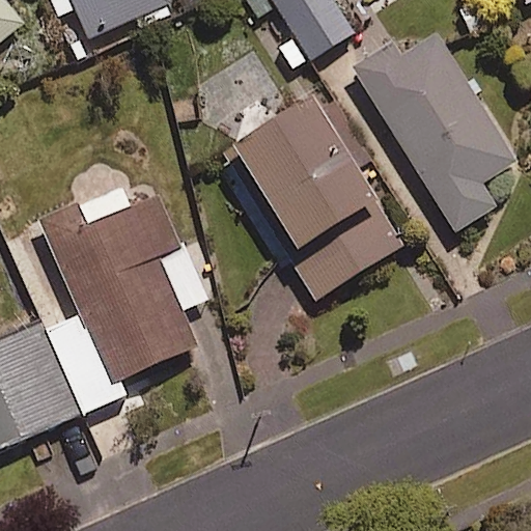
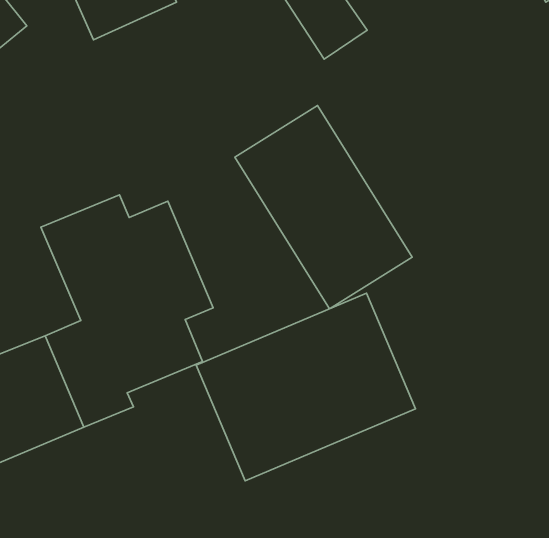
building: [353,33,511,230] -> none
building: none -> [196,293,416,481]

